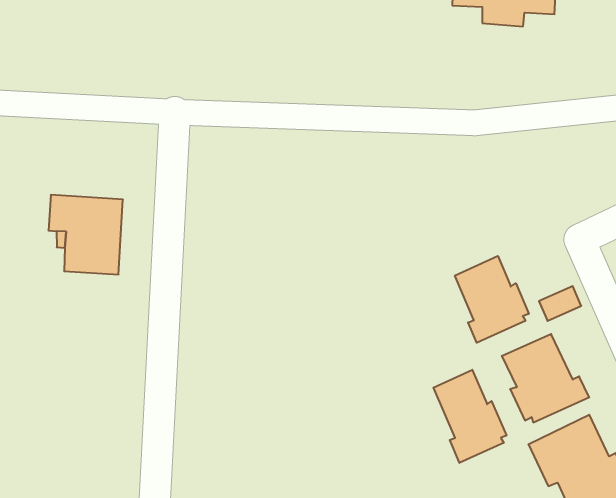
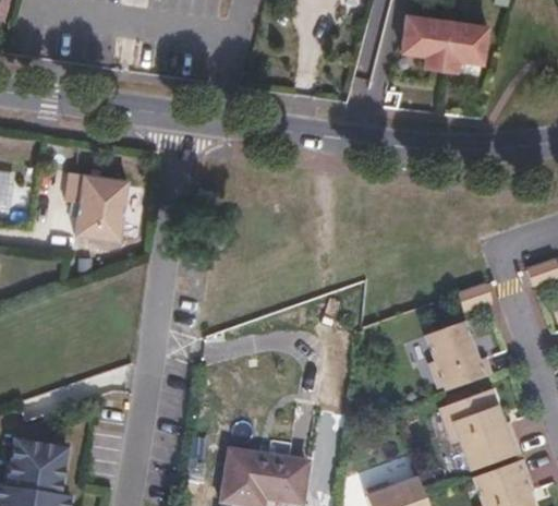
building: [455,256,529,343] -> none
building: [433,370,506,463] -> none

